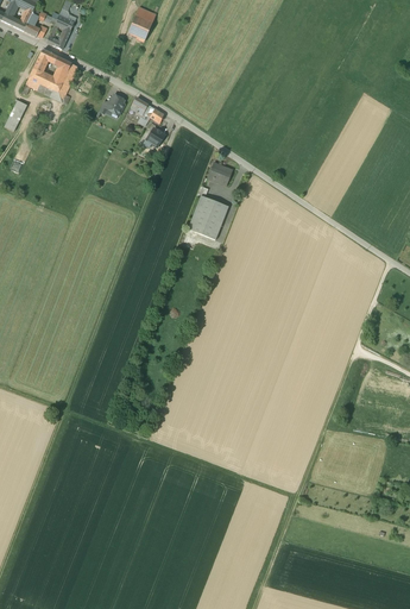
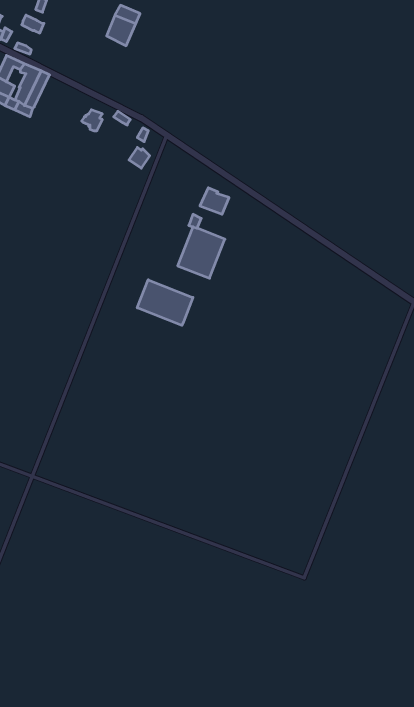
building: none -> [137,280,193,325]

